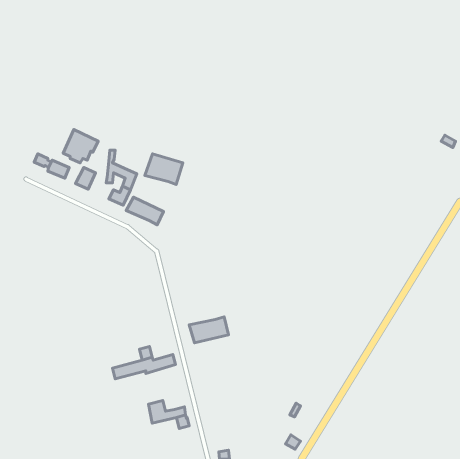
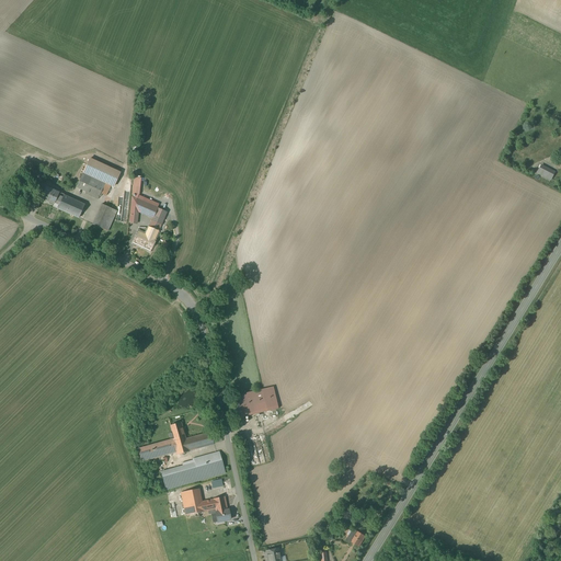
building: [145,154,183,185] -> none
building: [126,197,164,225] -> none
building: none -> [162,450,225,489]

